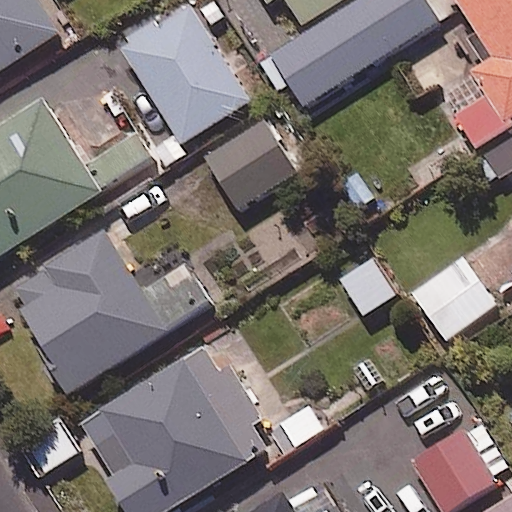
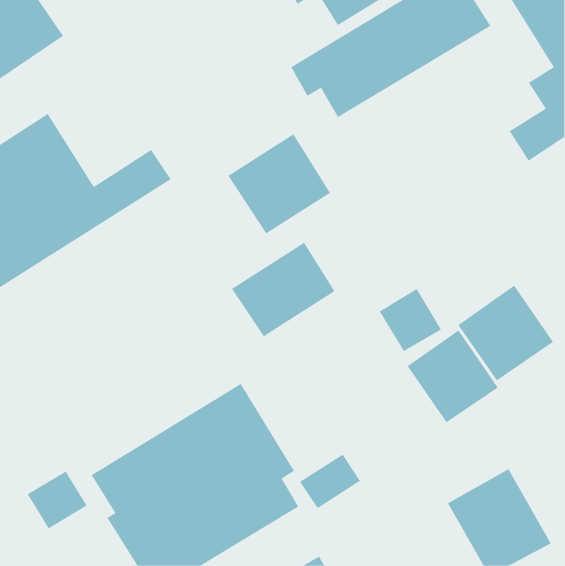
building: [120,4,248,143] -> none
building: none -> [231,242,335,337]
building: [7,232,209,393] -> none
building: none -> [407,329,499,423]

